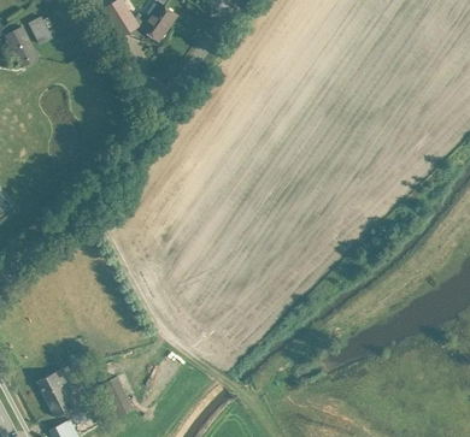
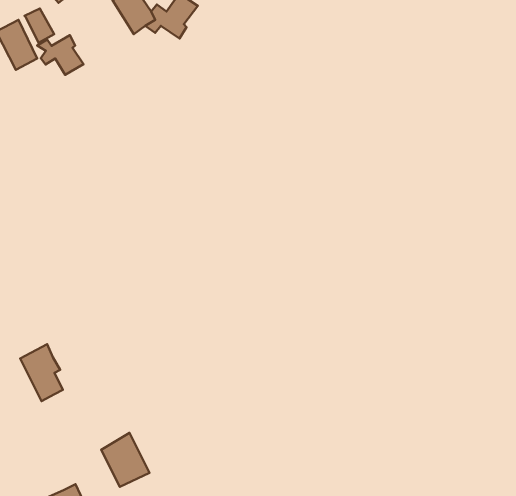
building: none -> [37,35,83,75]
building: [37,368,74,417] -> [20,344,63,401]

